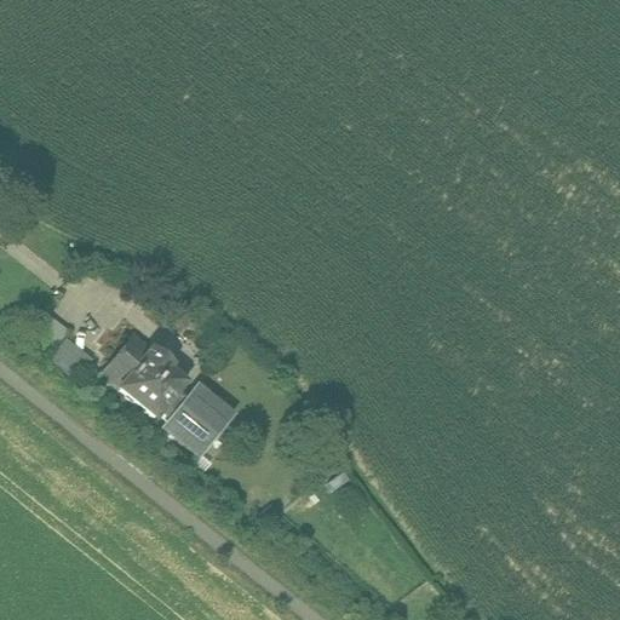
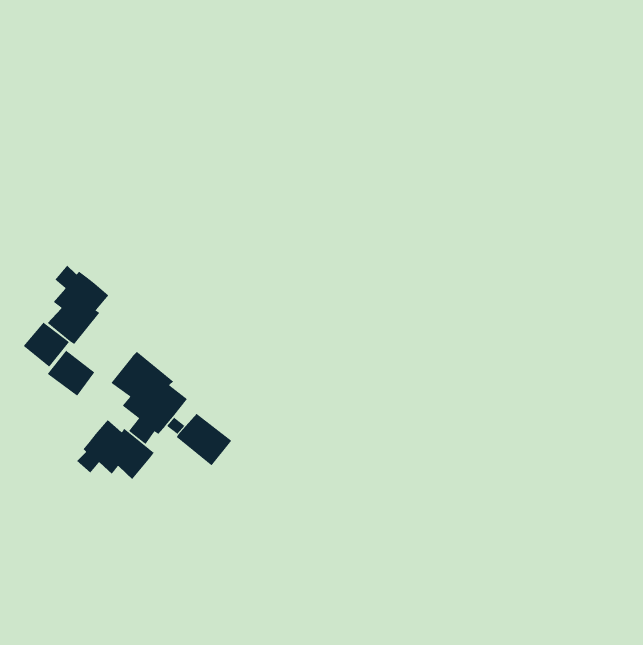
building: none -> [47,265,109,345]
building: none -> [76,419,154,480]

